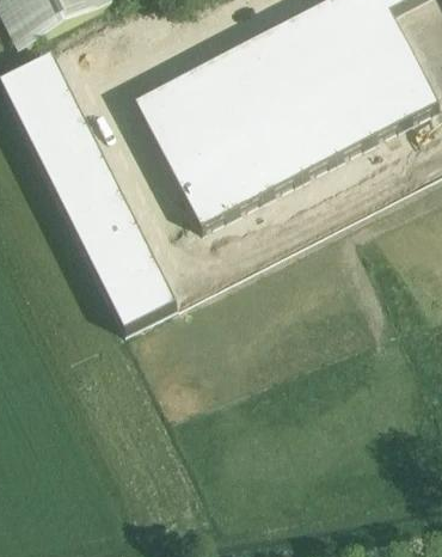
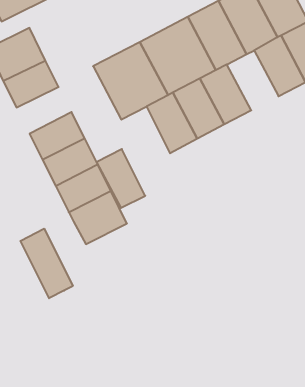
building: [303,79,369,155] -> none
building: [35,126,105,185] -> none
building: [168,151,231,226] -> [97,149,145,208]
building: none -> [20,229,73,298]

